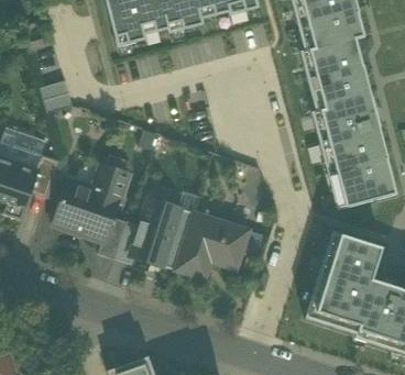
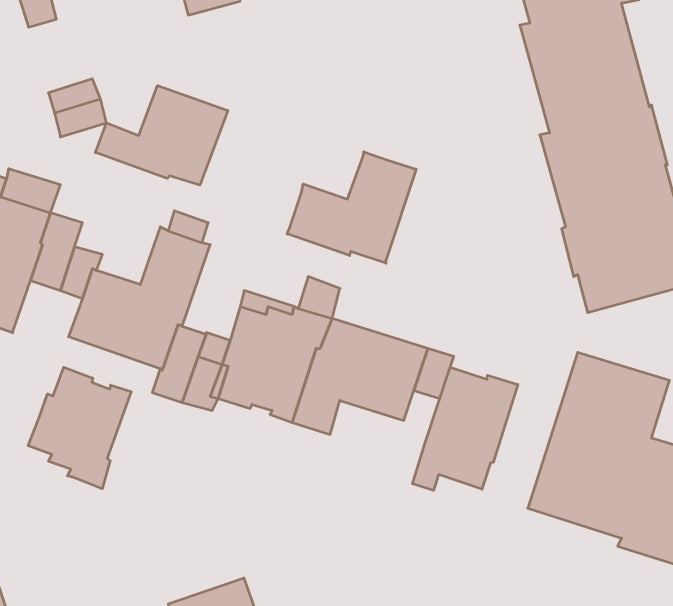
building: none -> [95,86,228,185]
building: none -> [287,152,416,263]
building: none -> [412,367,518,490]
building: none -> [28,367,131,489]

